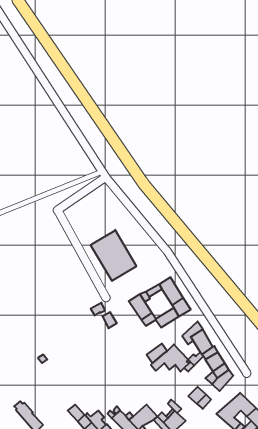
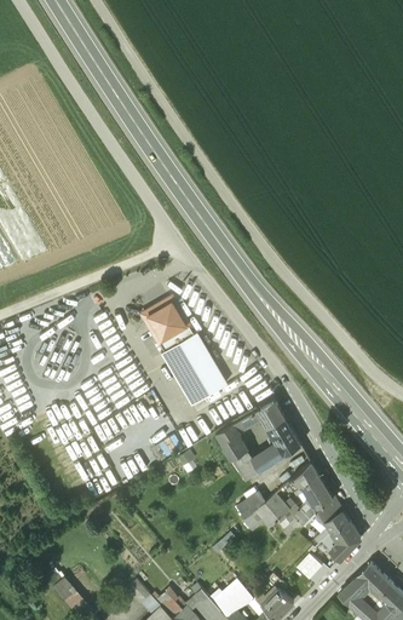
building: none -> [140,295,192,351]

